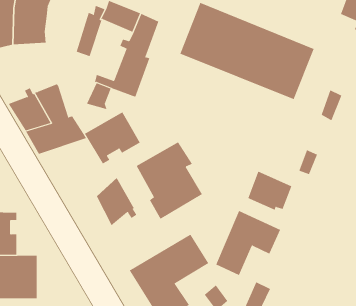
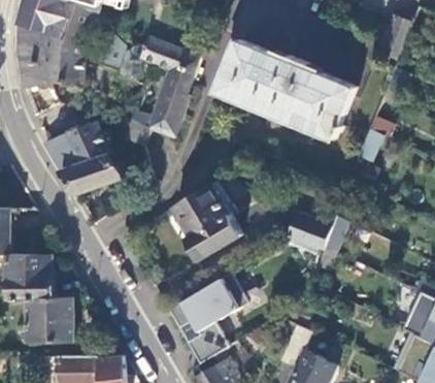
building: [84,111,140,164] -> none
building: [96,177,137,226] -> none
building: [215,210,281,276] -> none

